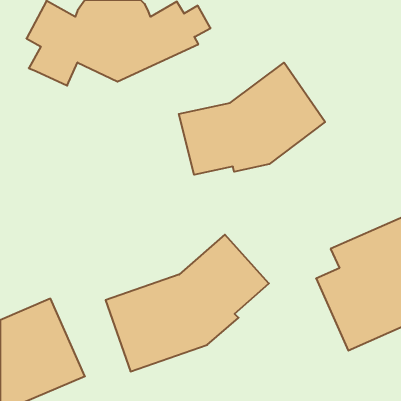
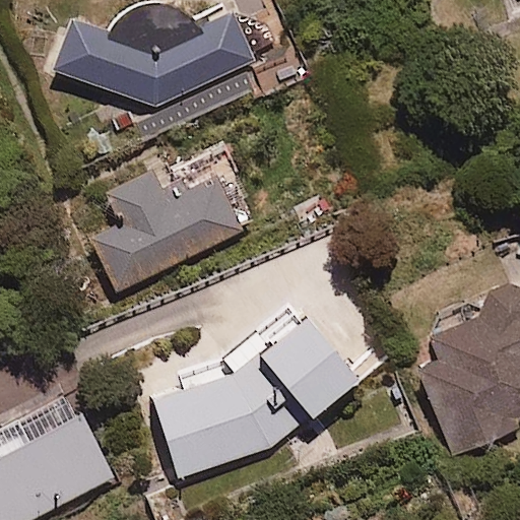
building: [179,63,325,175] -> none
building: none -> [90,162,248,297]

